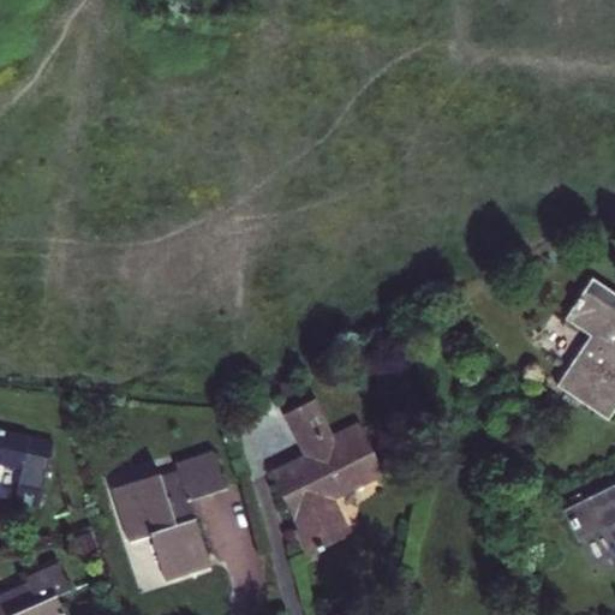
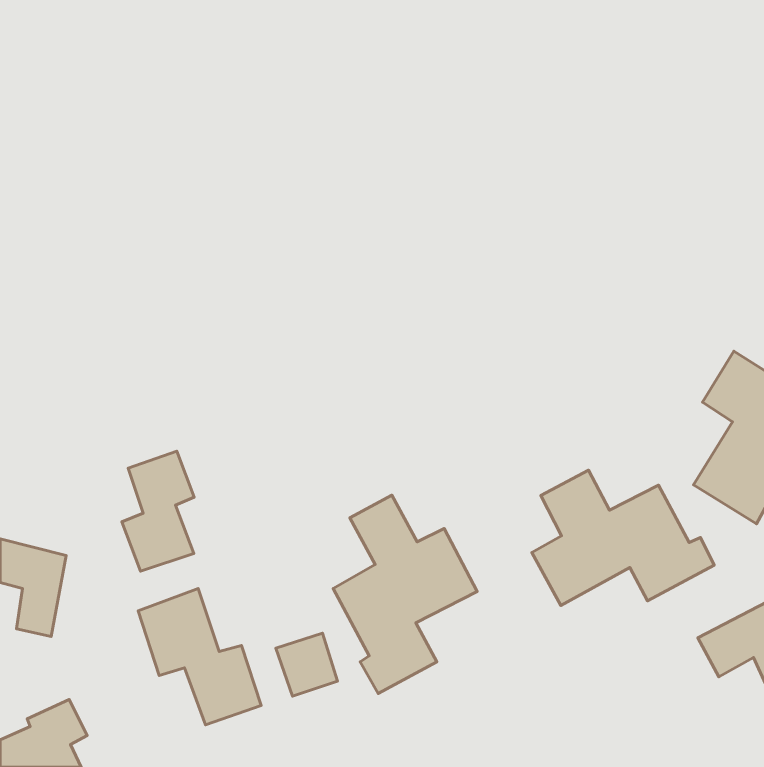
building: none -> [122,451,194,571]
building: none -> [532,470,714,606]
building: [177,450,226,501] -> [276,633,337,696]

